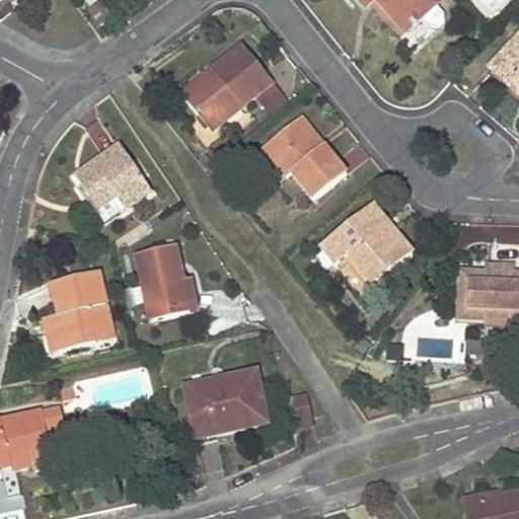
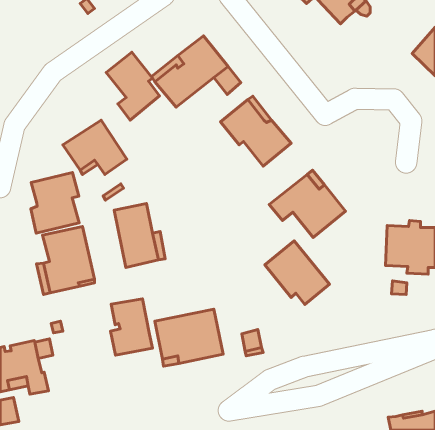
building: none -> [106,52,160,120]
building: none -> [31,172,79,233]
building: none -> [265,241,330,305]
building: none -> [110,299,153,355]

